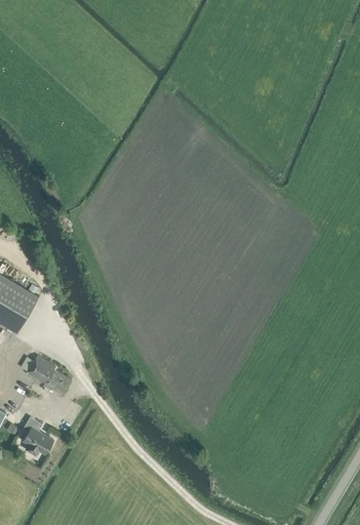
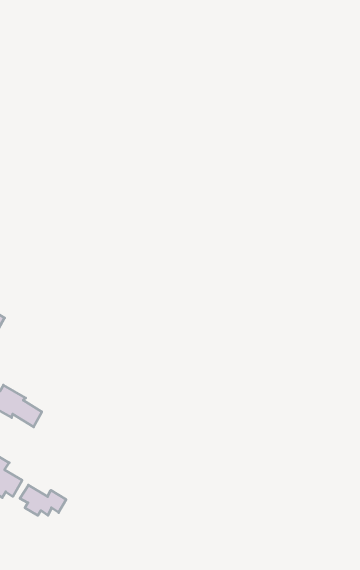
building: none -> [20,485,66,515]

